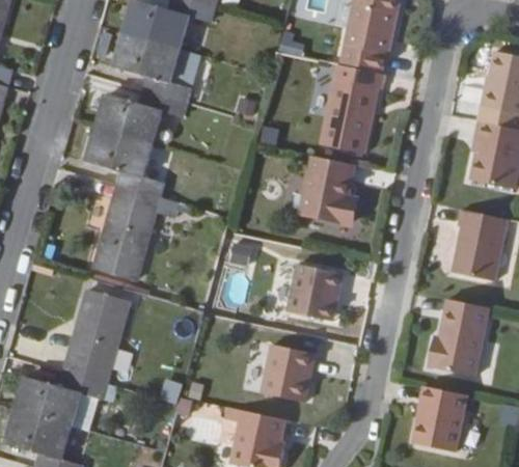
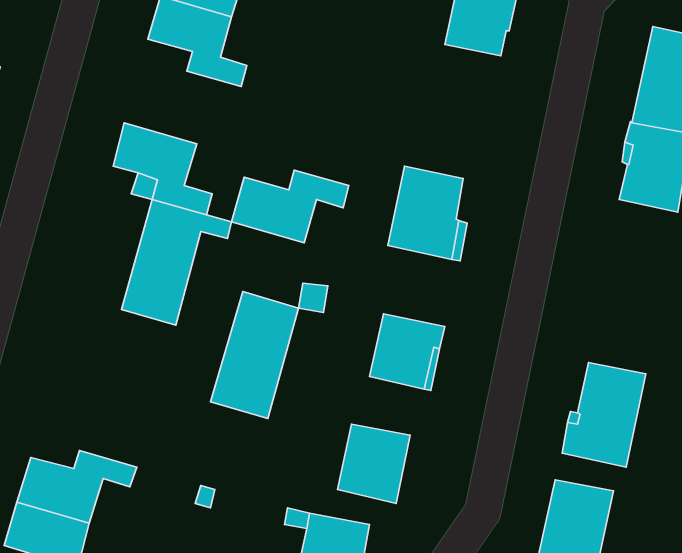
building: [319,63,384,153] -> none
building: [101,84,188,138] -> [232,170,349,243]
building: [450,211,508,283] -> none
building: [67,284,133,379] -> [211,292,299,418]

